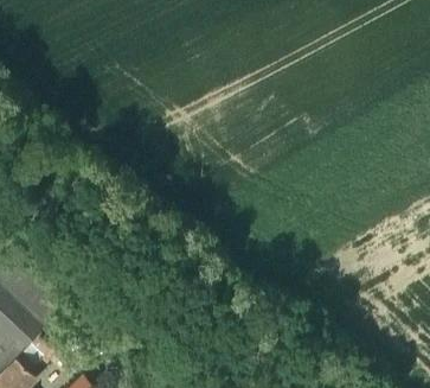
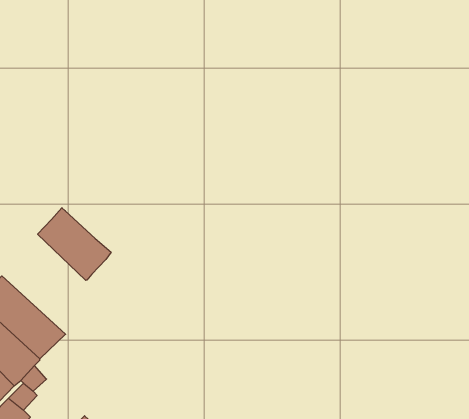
building: none -> [38,208,111,280]

